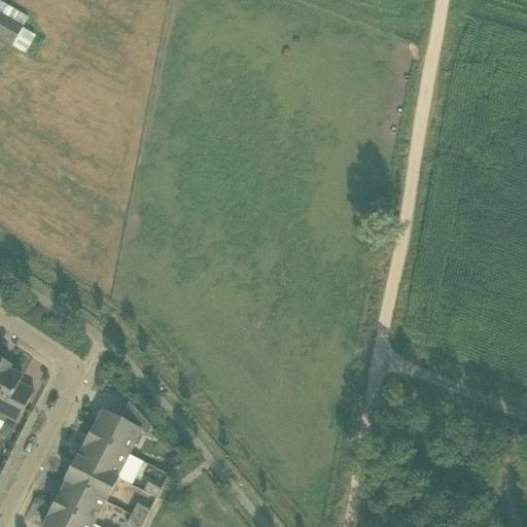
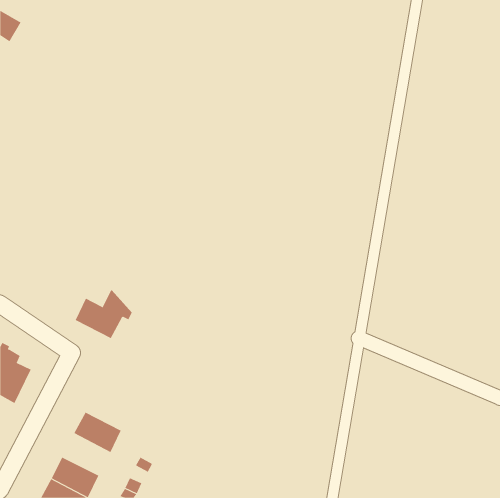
building: [90,399,150,452] -> [75,289,133,339]
building: [64,455,117,500] -> none

